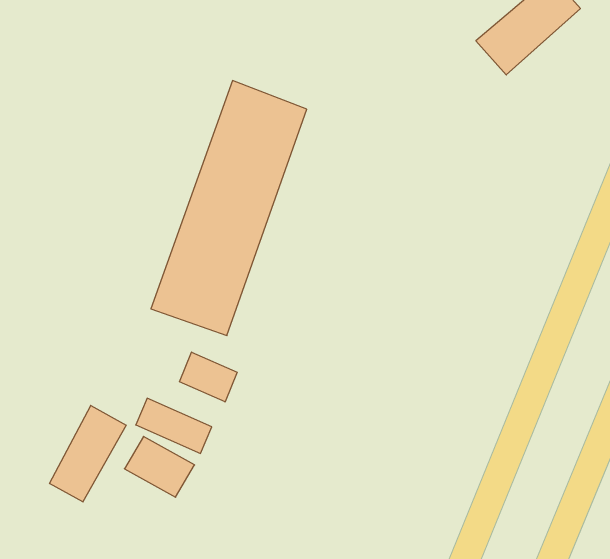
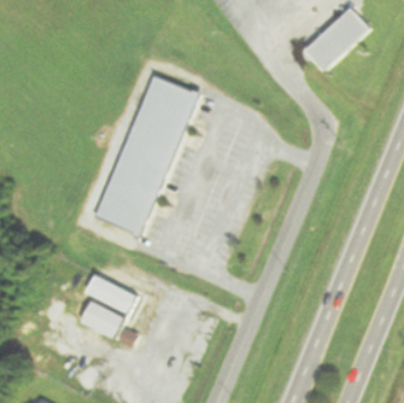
building: [179,352,237,402] -> none
building: [50,405,126,502] -> none

